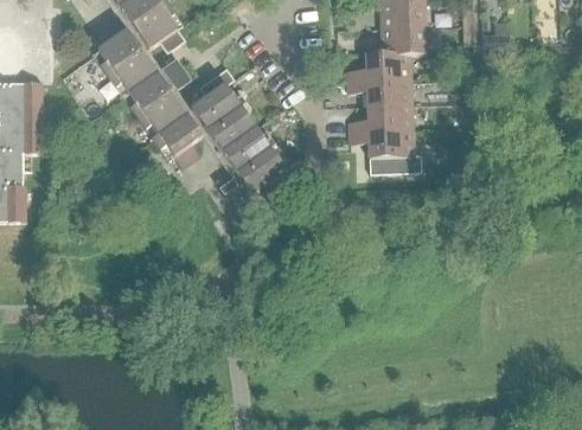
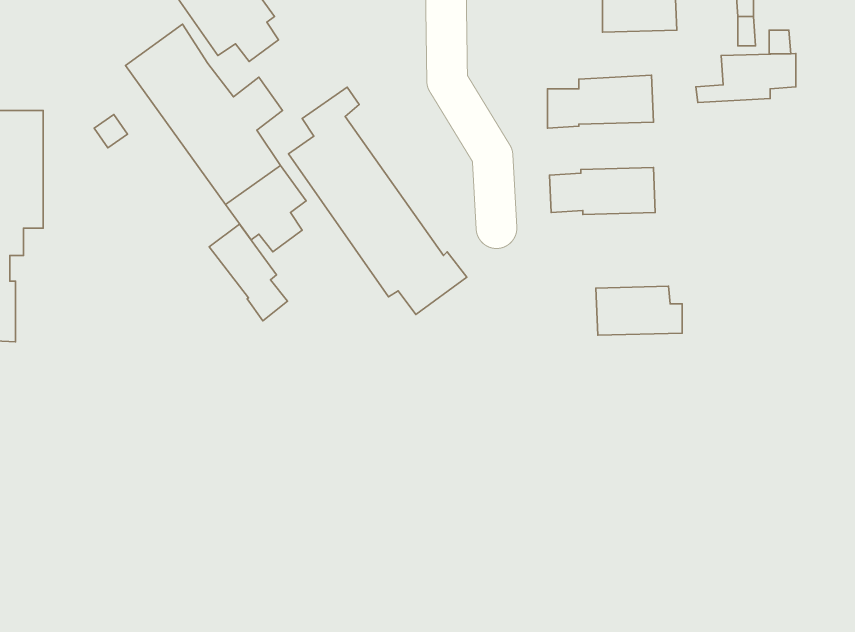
building: [365,33,426,63] -> [696,54,796,103]
building: [366,89,411,117] -> none
building: [369,143,421,173] -> [596,286,682,335]
building: none -> [209,224,287,321]

